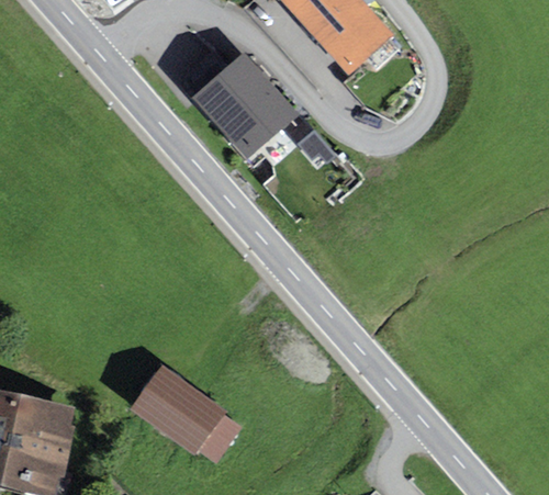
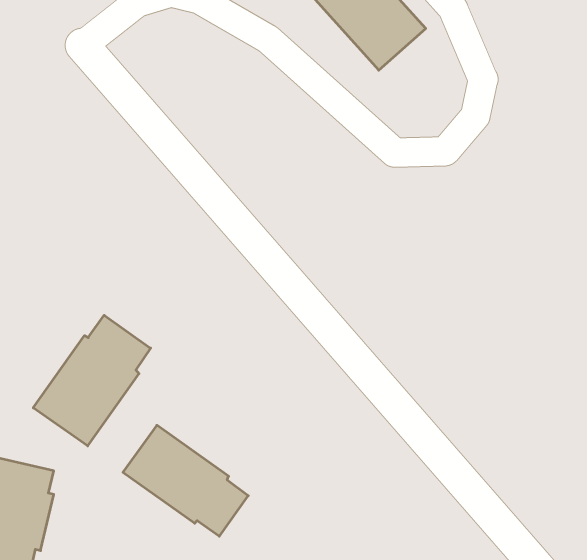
building: [201,60,290,151] -> none
building: none -> [33,315,151,446]

